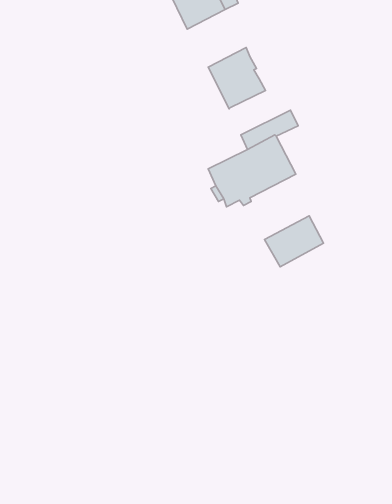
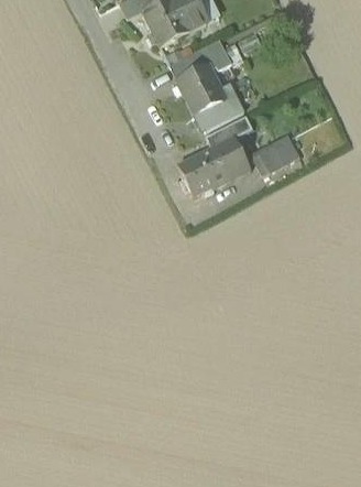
building: none -> [168,37,232,79]
building: none -> [196,84,244,131]
building: [265,216,323,267] -> [250,133,299,176]

